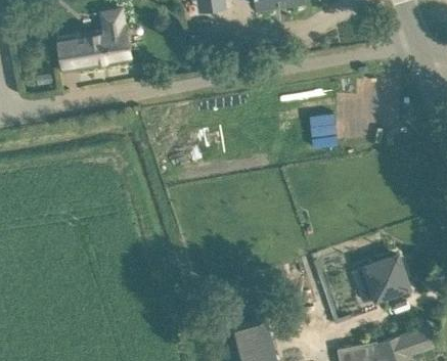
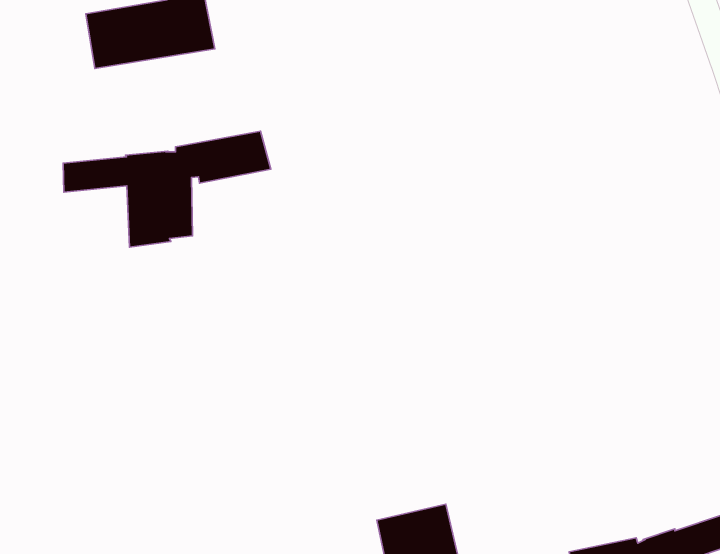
building: none -> [63,131,271,247]
building: [352,255,405,301] -> none

